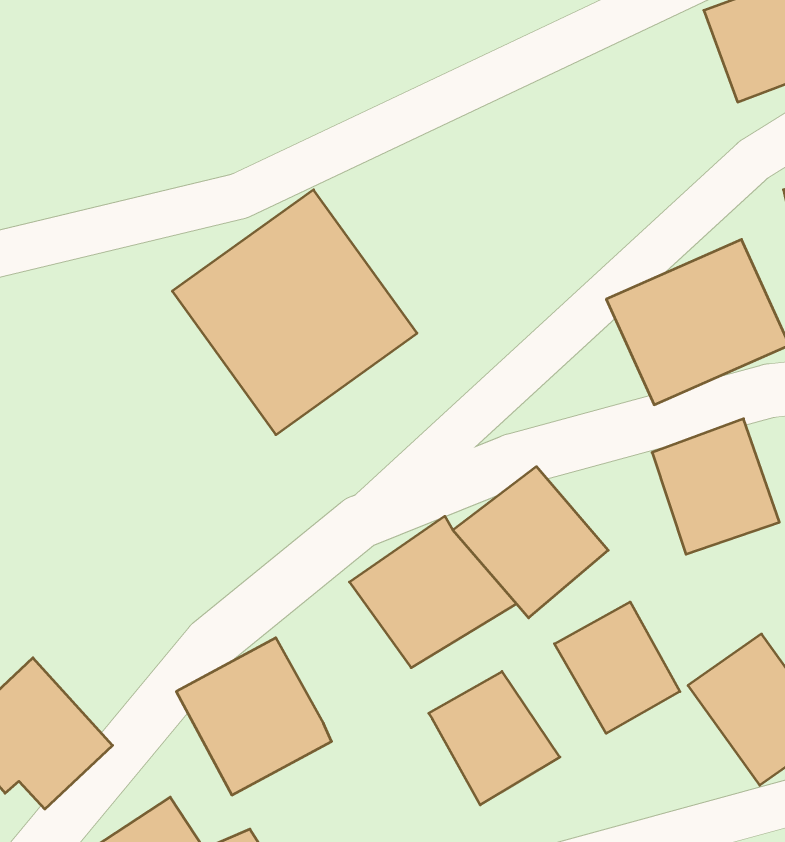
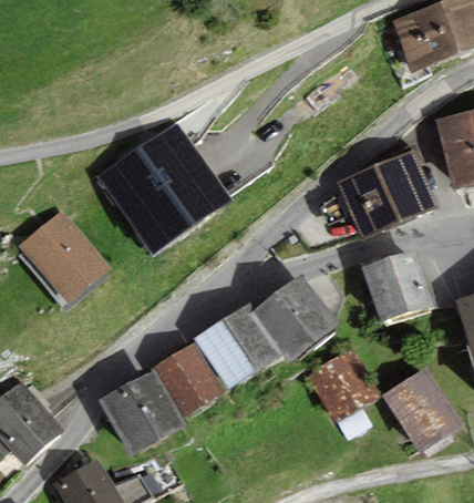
building: none -> [19,209,112,305]
building: [429,671,560,805] -> [152,343,225,418]

